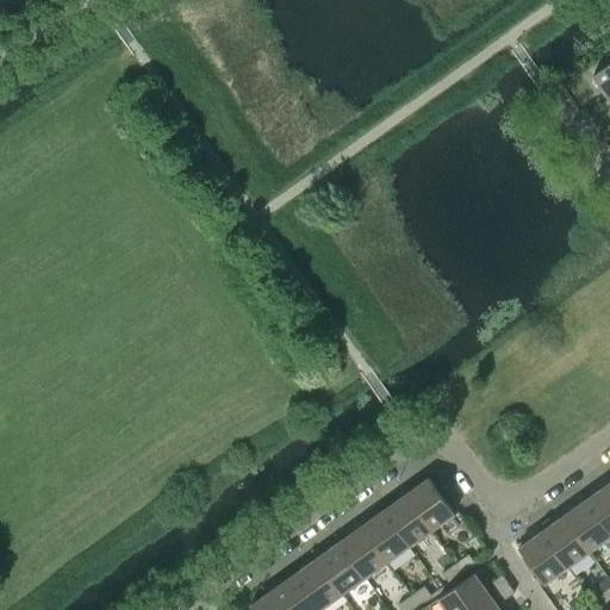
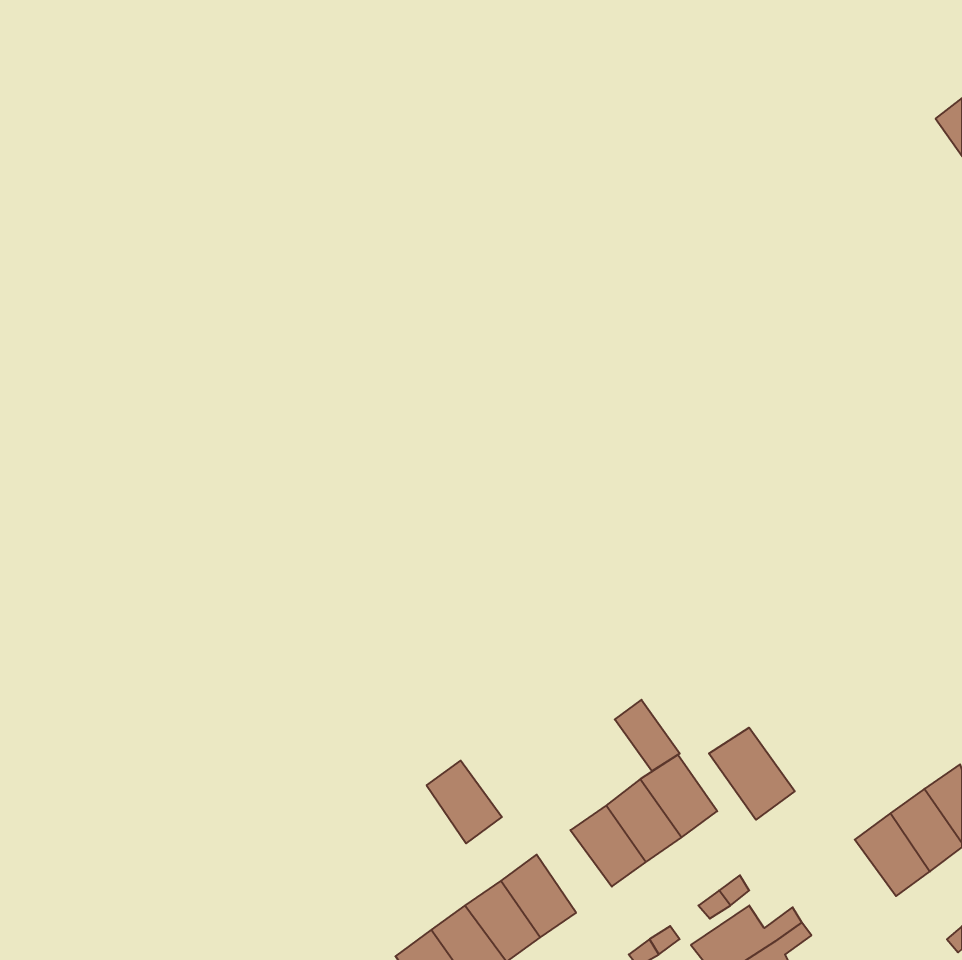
building: none -> [615,700,680,771]
building: none -> [709,728,795,820]
building: [340,527,387,579] -> [427,761,502,843]
building: [518,533,567,585] -> none

